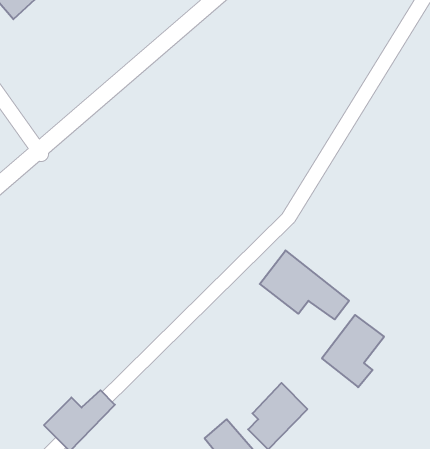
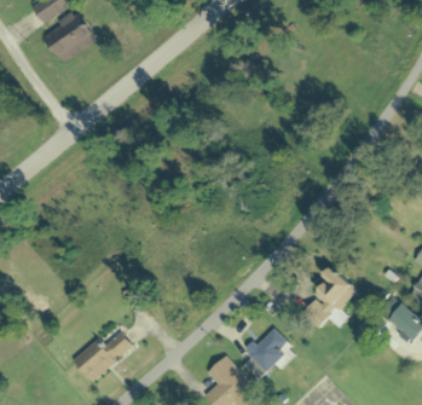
building: none -> [45,16,94,62]
building: [260,250,349,319] -> none

